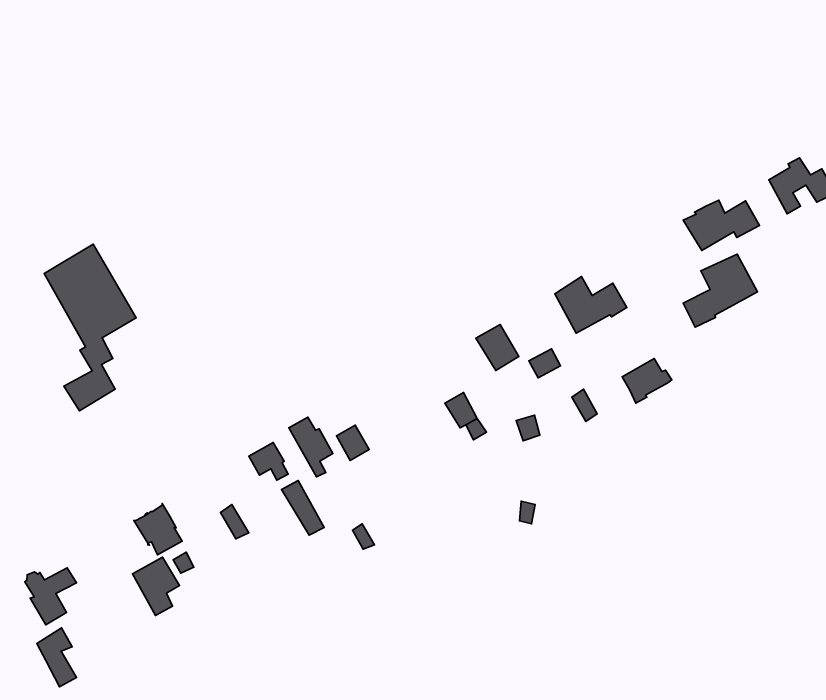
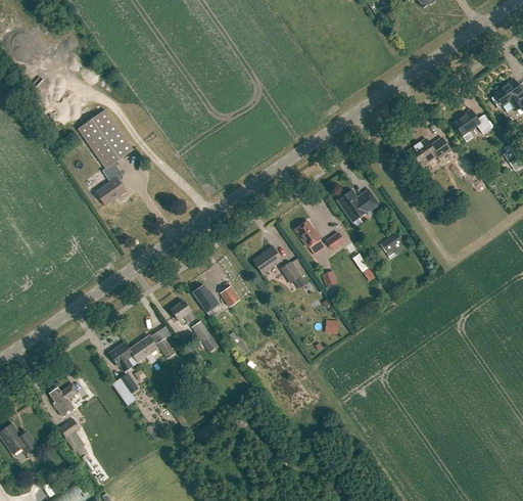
building: [44,244,136,411] -> [78,109,133,206]
building: [683,254,757,327] -> none
building: none -> [252,245,282,274]
building: none -> [129,335,157,362]

